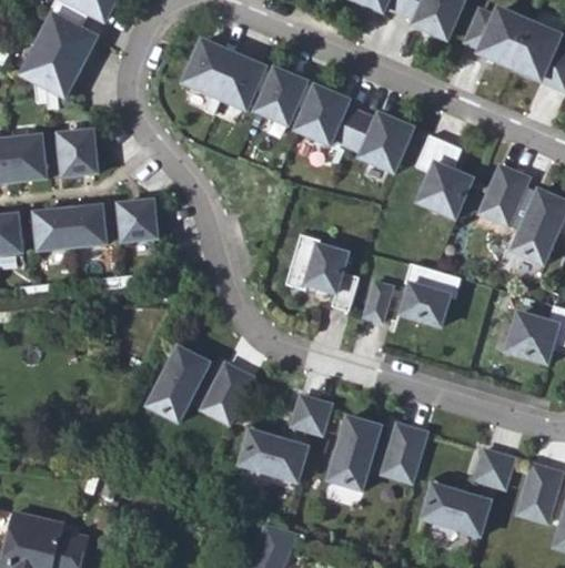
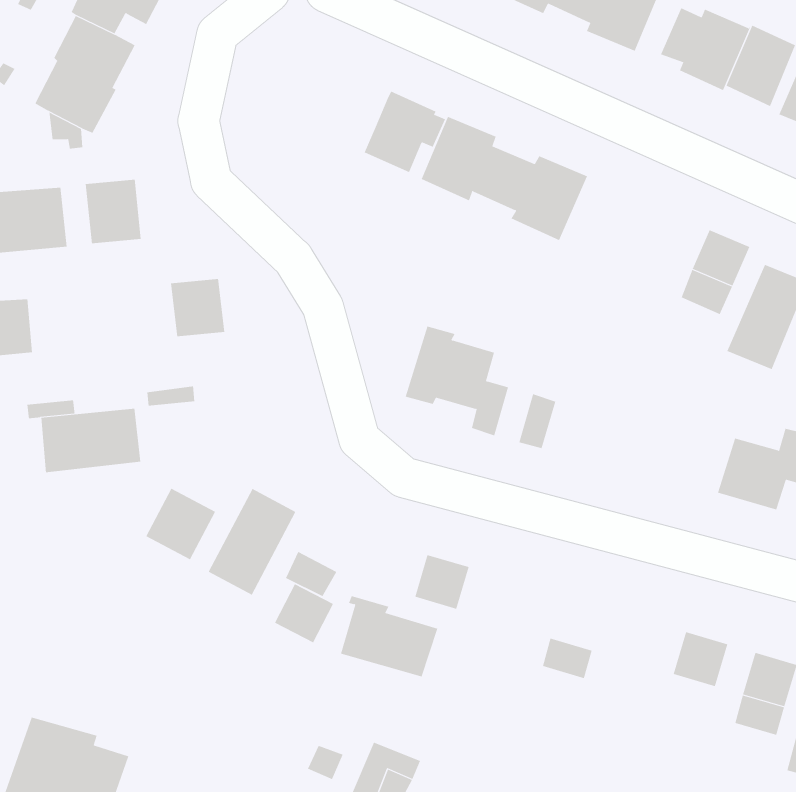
building: [184,39,273,113] -> none
building: [415,134,473,217] -> none
building: [37,205,108,251] -> [40,408,141,473]
building: [401,263,461,325] -> none
building: none -> [145,488,216,560]
building: [210,364,252,406] -> [274,583,334,643]
building: [329,415,381,489] -> none
building: [387,423,426,462] -> none
building: [422,476,491,535] -> none

